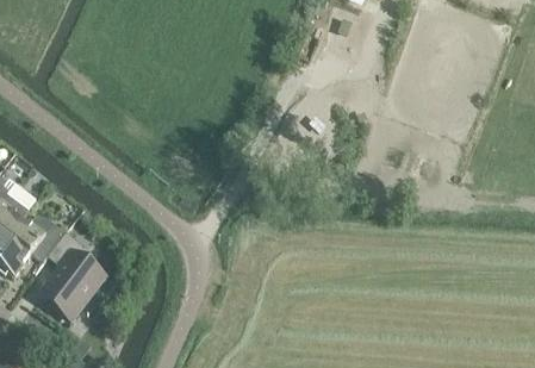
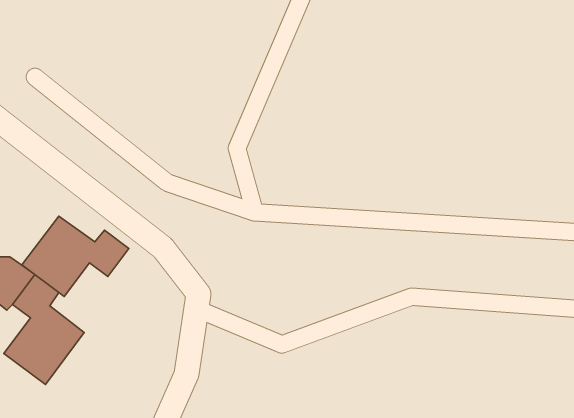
building: none -> [22,216,129,297]

